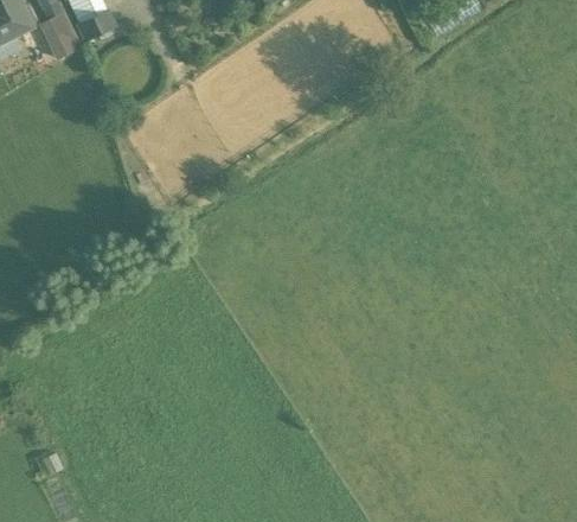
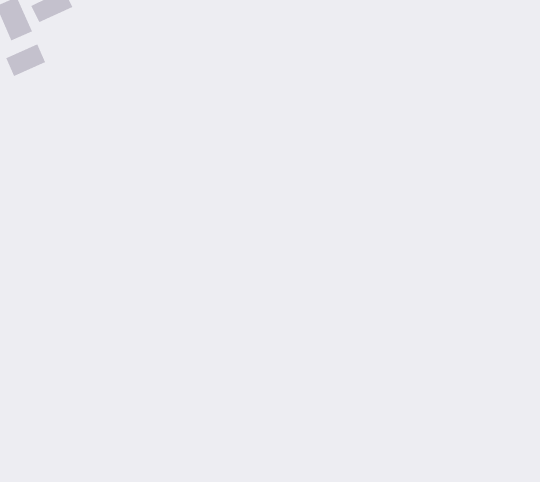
building: none -> [5,44,46,77]

